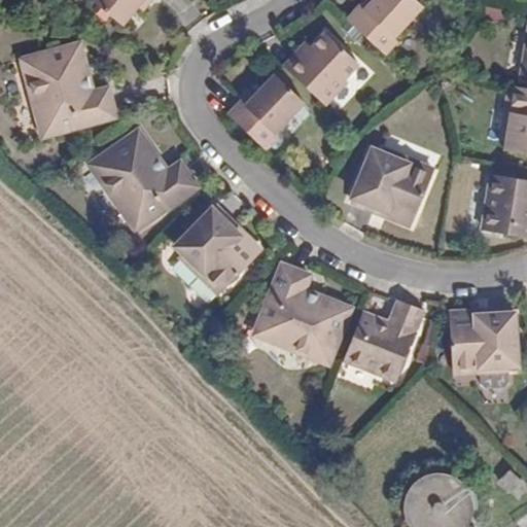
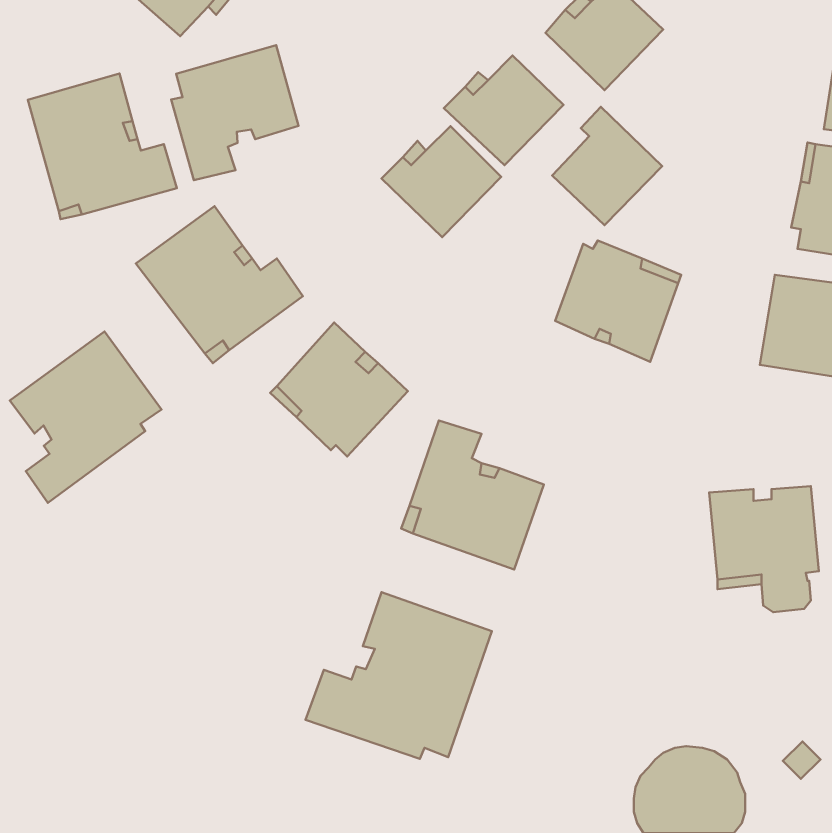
building: none -> [171,45,299,180]
building: none -> [552,107,662,225]
building: none -> [10,332,162,503]
building: [342,293,424,375] -> none
building: none -> [306,592,492,759]

